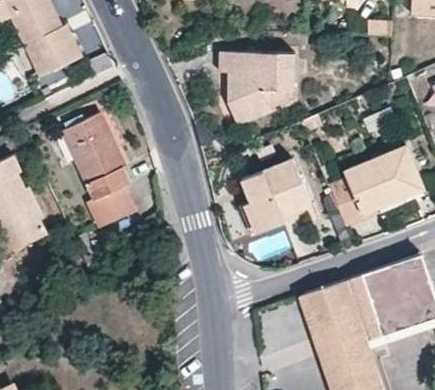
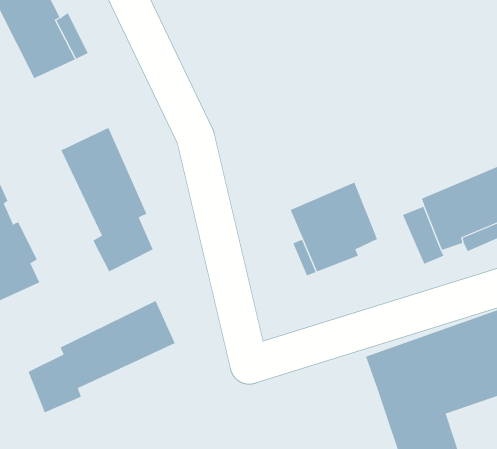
building: [218,52,294,124] -> none
building: none -> [28,300,175,413]

